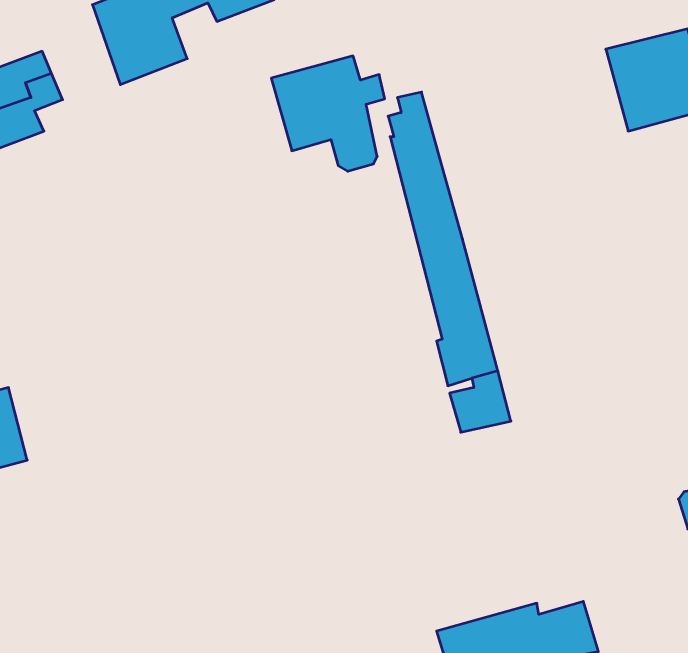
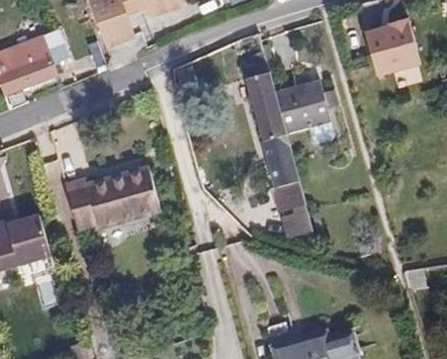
building: [271,56,385,171] -> [274,81,336,144]
building: none -> [64,167,160,230]

